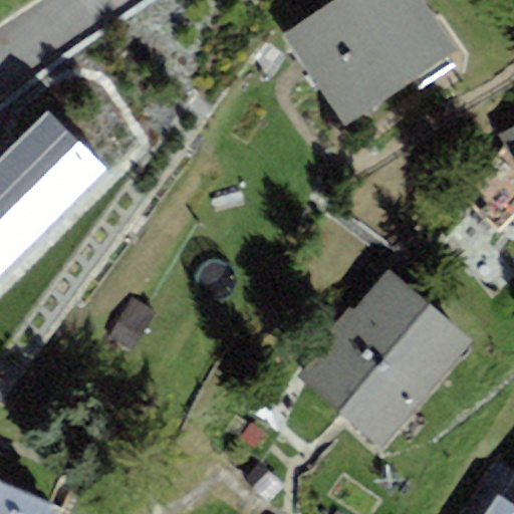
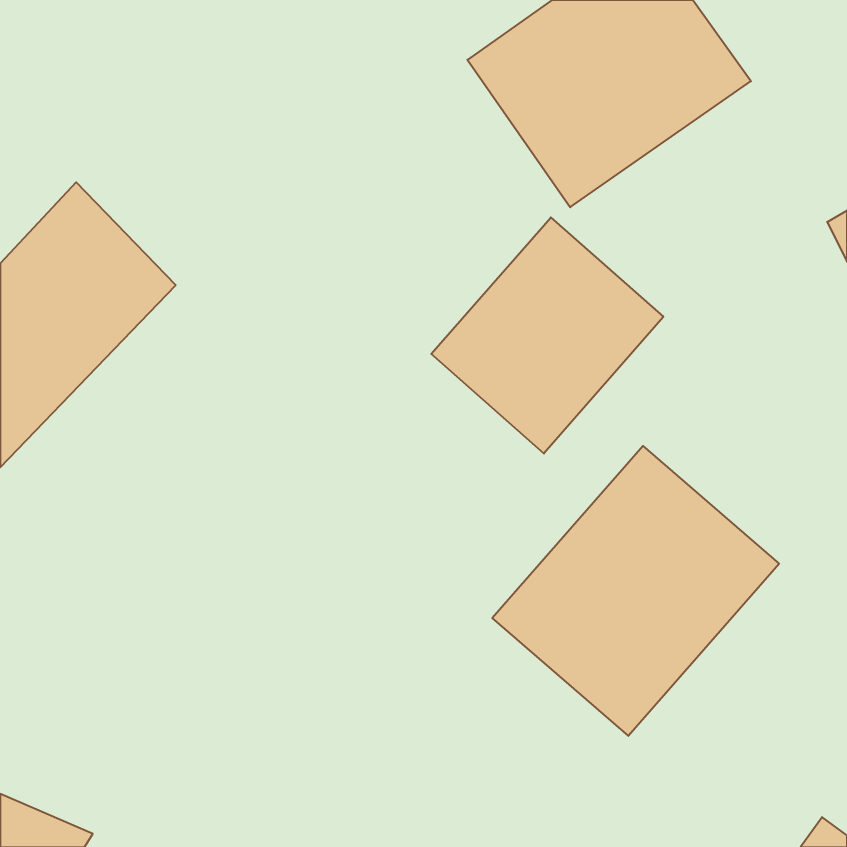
building: none -> [431,217,663,454]

